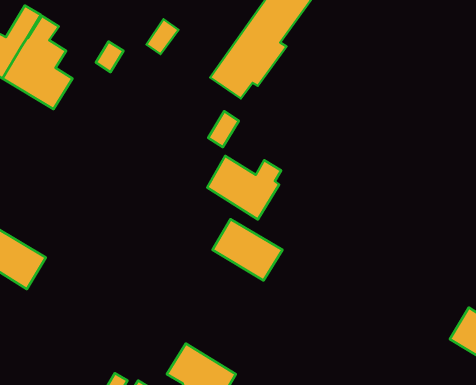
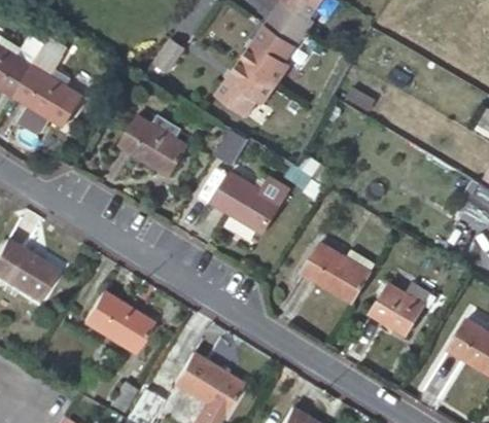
building: none -> [119,114,188,176]
building: [213,219,283,281] -> [303,243,371,303]
building: none -> [371,283,438,336]
building: none -> [84,292,151,353]

